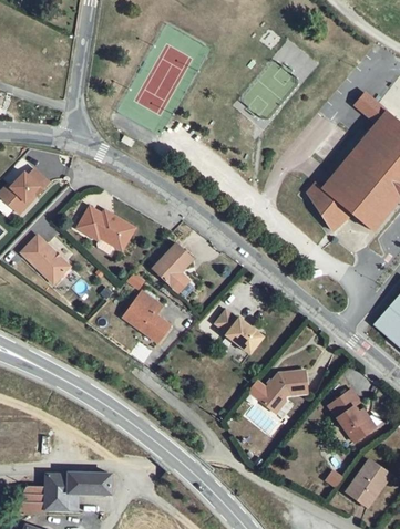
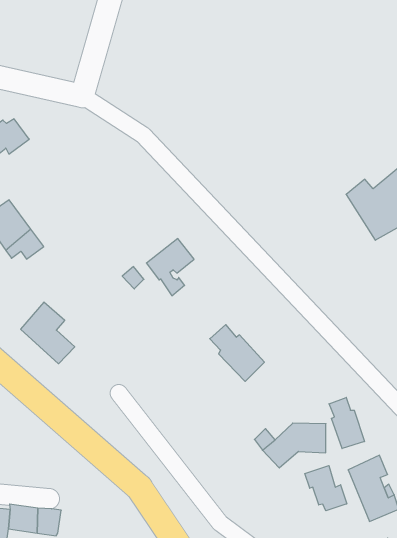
building: [75,205,133,253] -> none
building: [115,290,161,338] -> [21,302,75,364]
building: none -> [329,397,364,449]
building: none -> [305,466,347,511]

